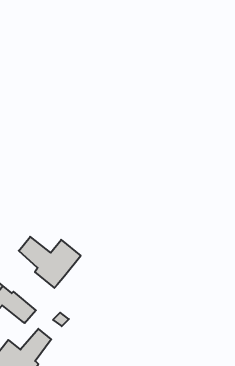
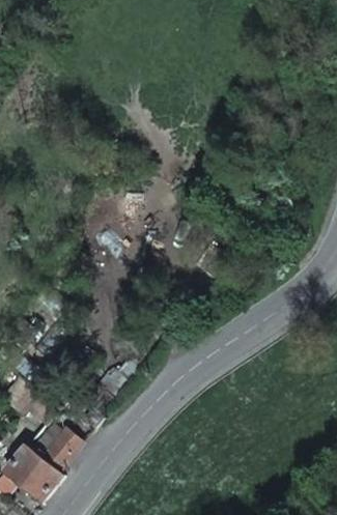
building: [19,237,81,288] -> none

